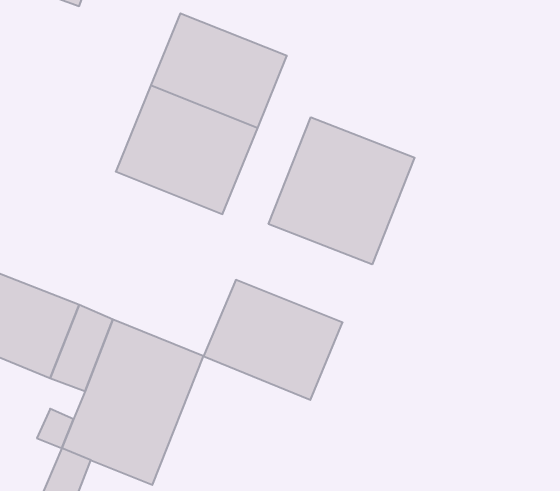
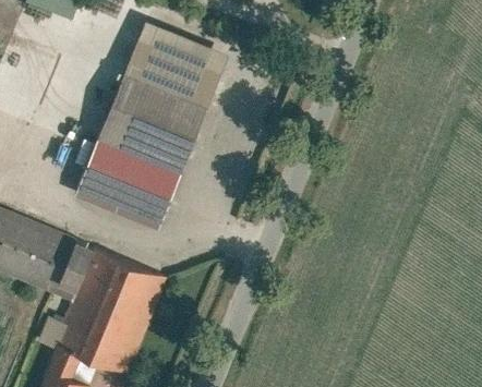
building: [269,117,415,264] -> none
building: [204,280,343,400] -> [76,141,180,230]

